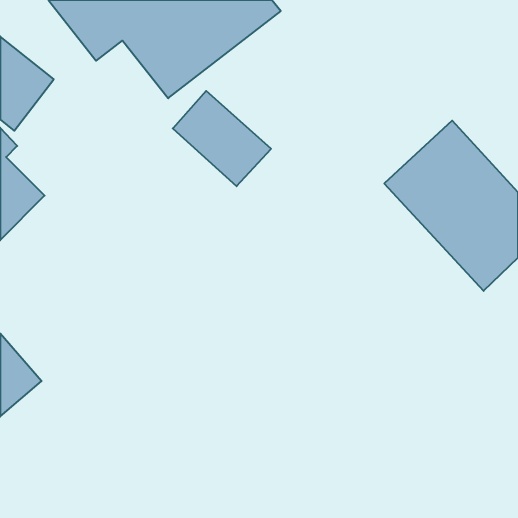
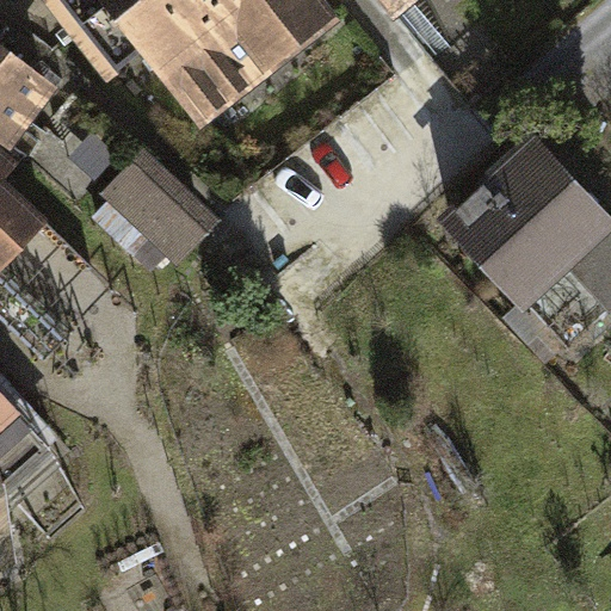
building: [173,91,271,186] -> [99,149,215,261]

